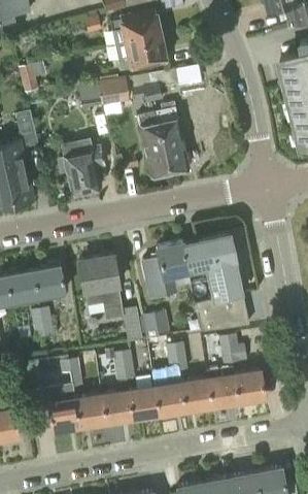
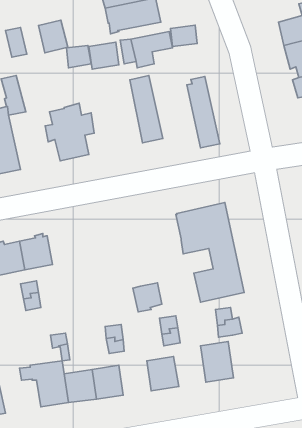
building: none -> [39,20,68,53]
building: [157,103,189,172] -> [187,76,220,148]
building: [138,242,193,303] -> none
building: [78,255,143,341] -> none
building: [234,370,265,403] -> none
building: [180,378,211,411] -> none
building: [128,387,159,420] -> none

